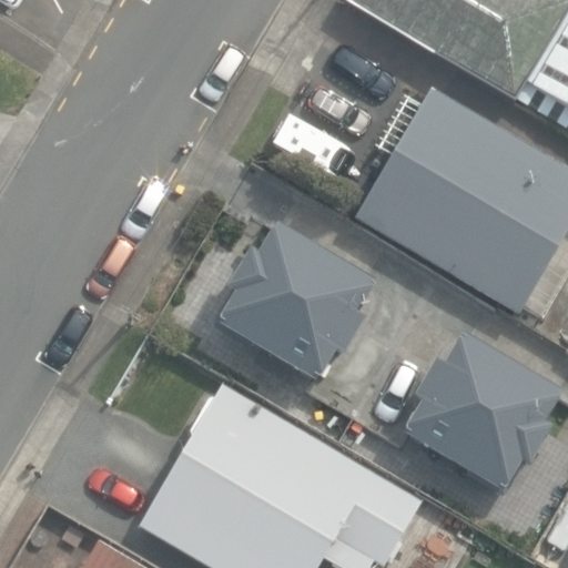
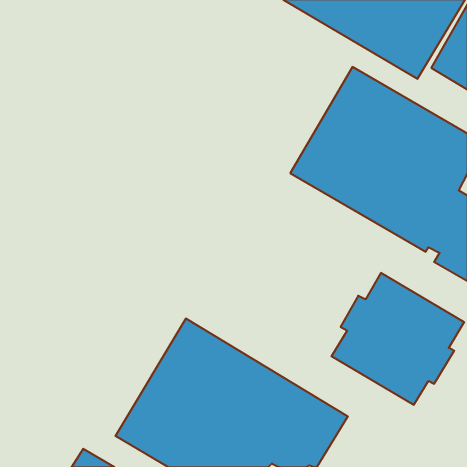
building: [216,222,376,382] -> none

